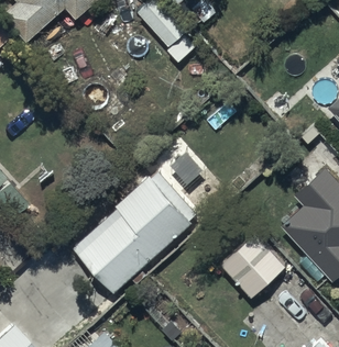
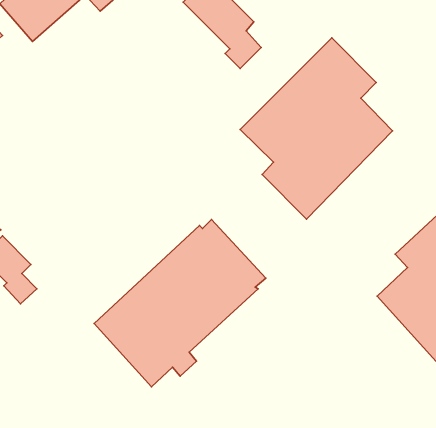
building: none -> [240,38,392,219]
building: [218,234,288,299] -> none

